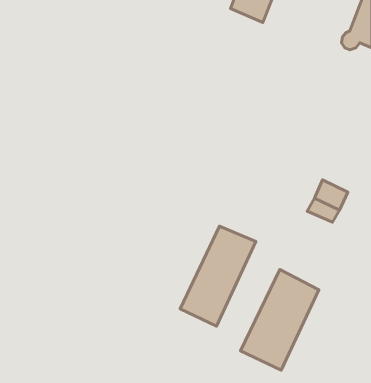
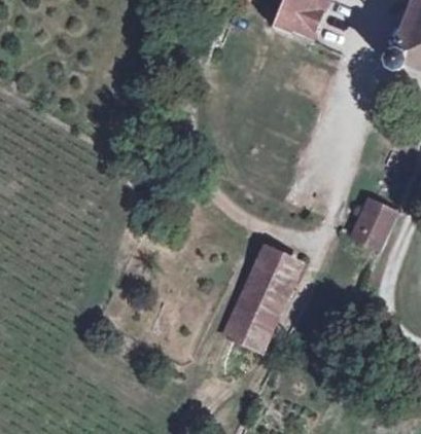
building: [241,269,319,370] -> none

